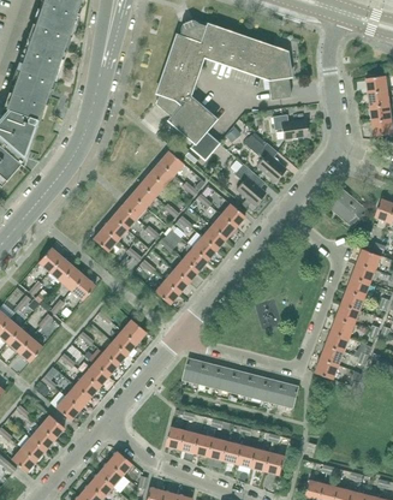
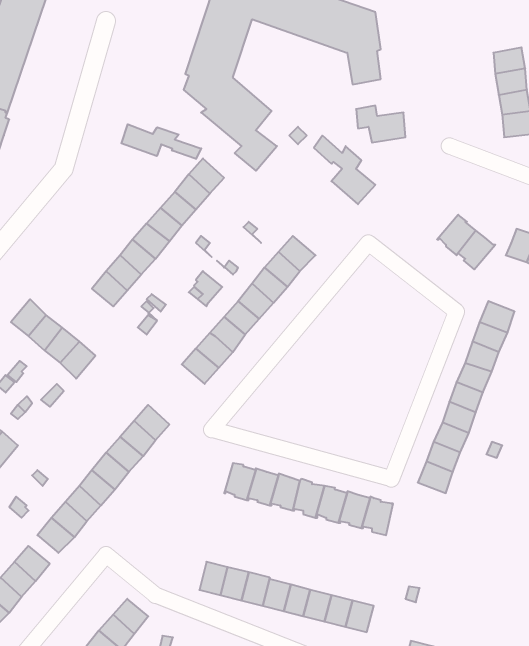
building: none -> [121,124,201,159]
building: [230,160,266,204] -> none

